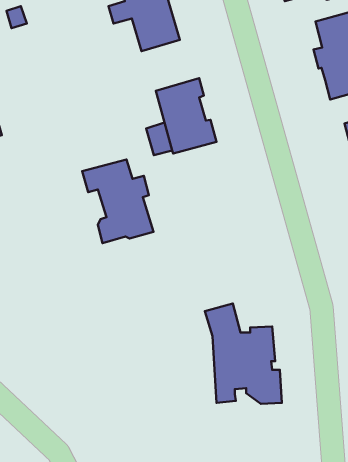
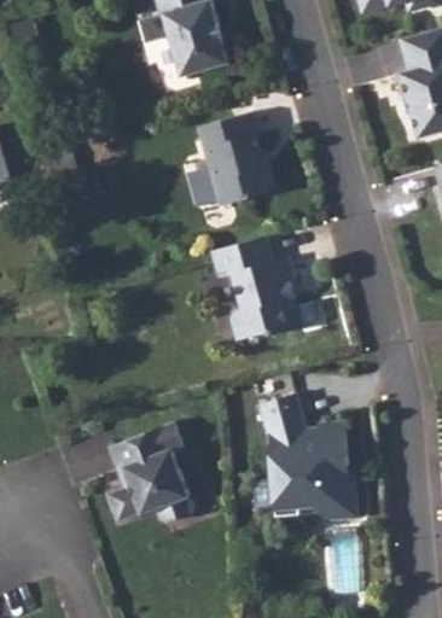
building: [82,160,154,243] -> [210,237,299,342]
building: none -> [106,422,188,523]

